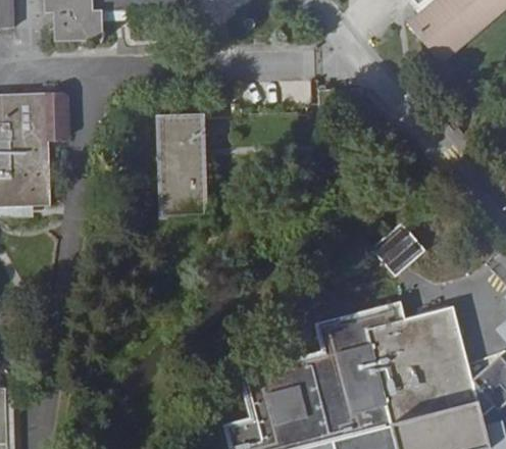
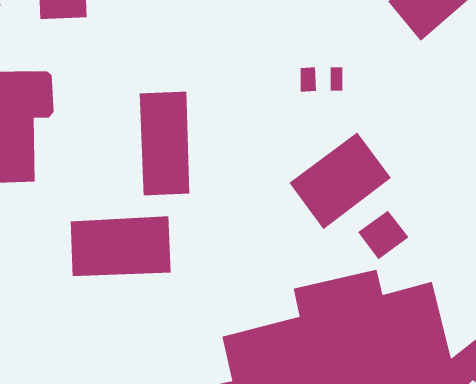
building: none -> [288,131,392,230]
building: none -> [70,216,171,277]

